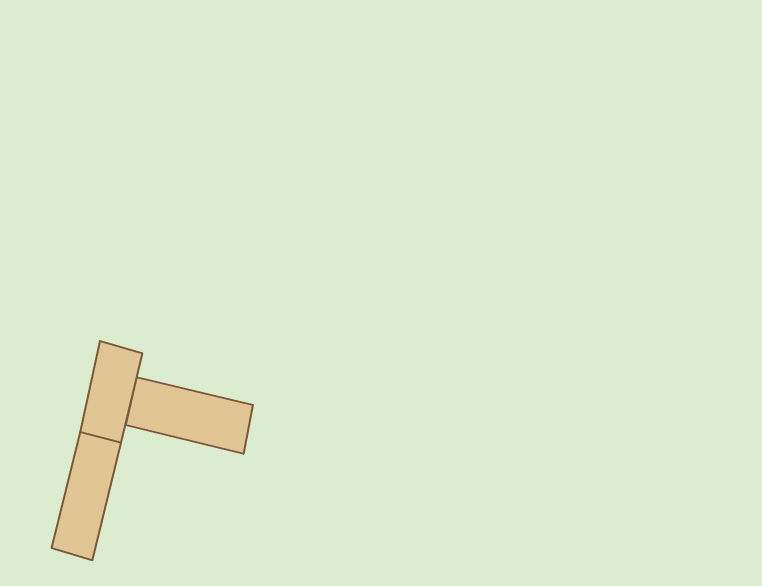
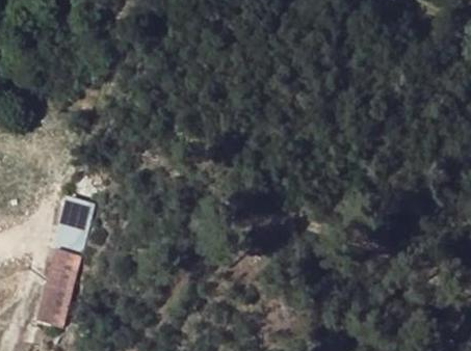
building: [126,377,253,454] -> none

